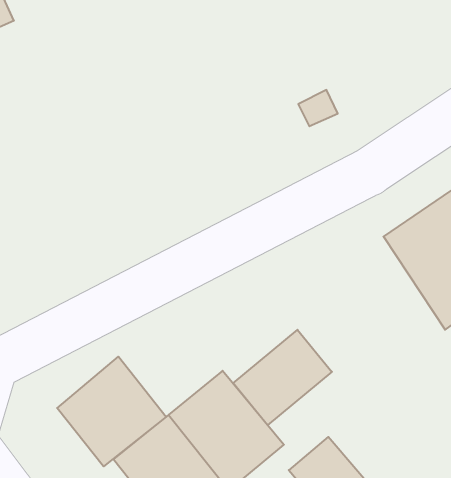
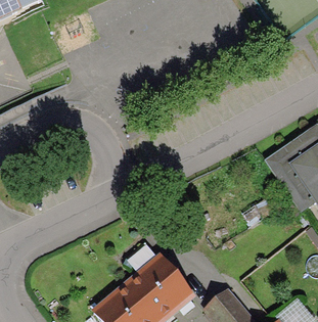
building: [233,330,332,425] -> none
building: [57,357,166,466] -> none

